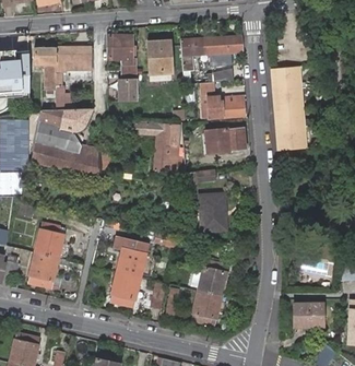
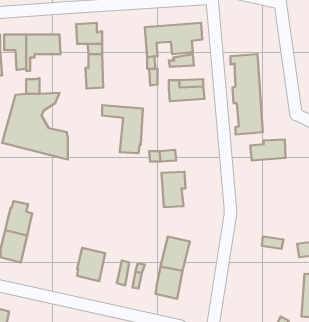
building: [149,52,170,81] -> none
building: [204,128,241,152] -> none
building: none -> [250,139,286,160]
building: [116,241,145,278] -> none
building: [294,305,323,328] -> none

